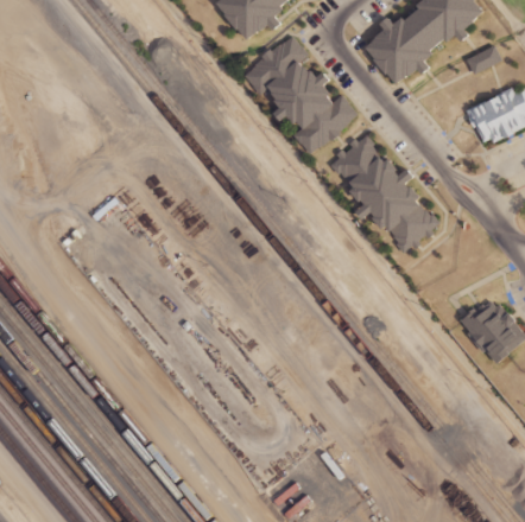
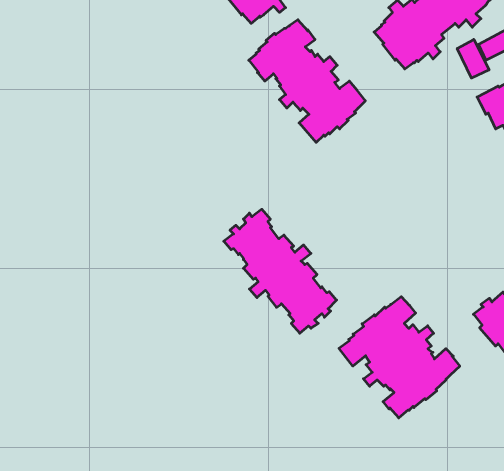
building: none -> [457,39,489,78]
building: [329,134,438,254] -> [224,209,337,333]
building: none -> [339,297,460,418]

